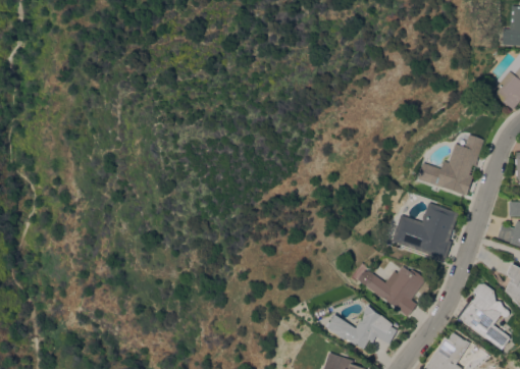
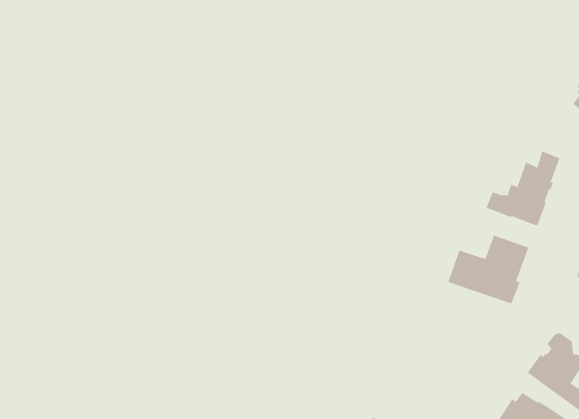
building: [358,266,426,316] -> none
building: [327,305,398,350] -> none

